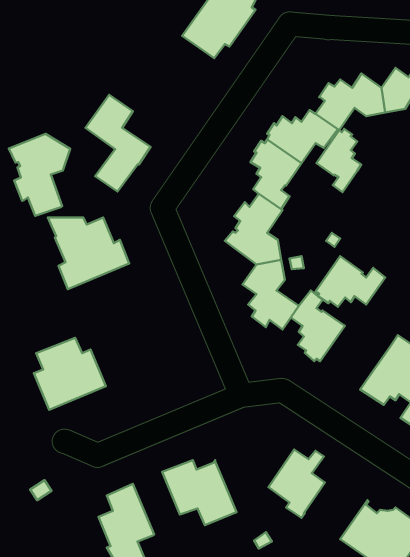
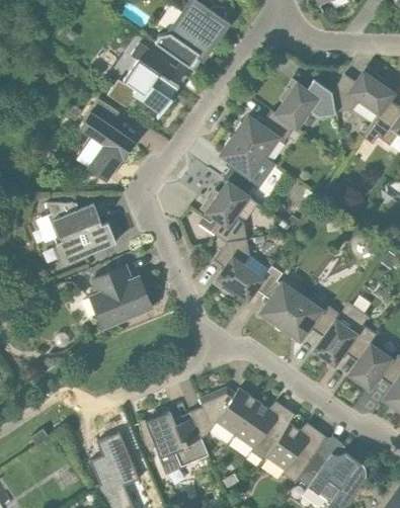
building: none -> [124,44,179,113]
building: [316,129,361,192] -> none
building: [9,134,70,216] -> none
building: [316,256,385,307] -> [281,295,340,339]
building: [34,338,106,410] -> [90,266,152,328]
building: none -> [190,386,258,438]
building: none -> [266,423,321,483]

